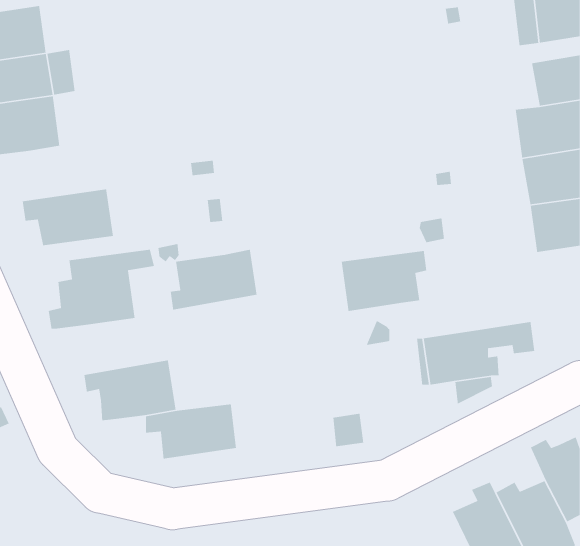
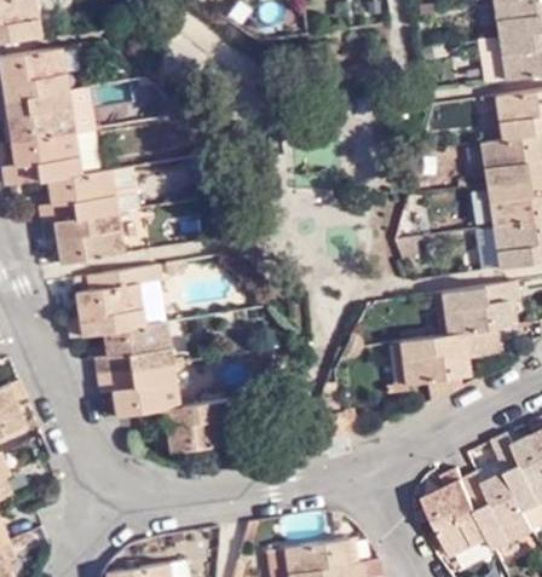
building: none -> [44,169,122,223]
building: [170,249,257,310] -> [99,322,177,376]
building: [341,250,427,312] -> [444,282,520,336]

